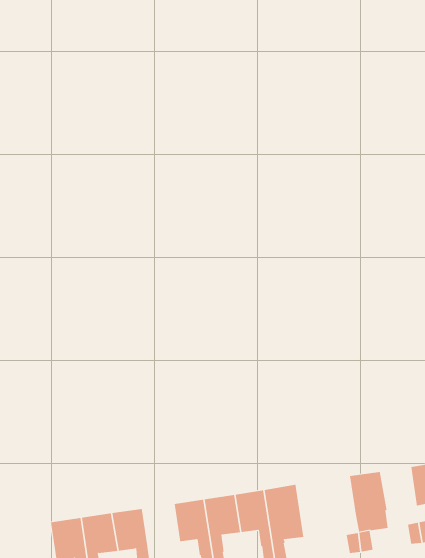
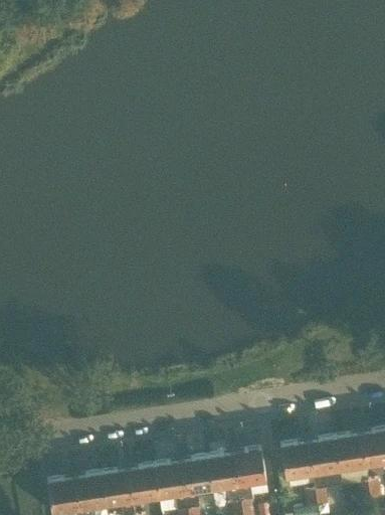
building: none -> [335,435,366,473]
building: none -> [280,443,313,481]
building: none -> [128,467,160,504]

